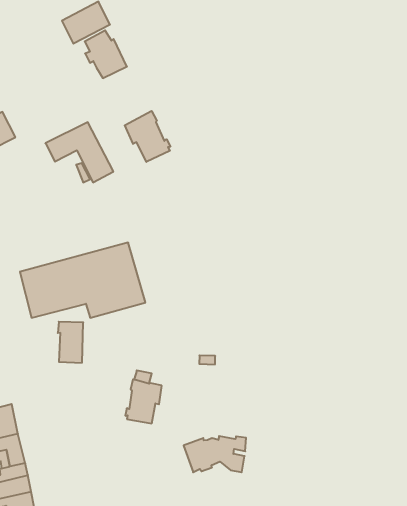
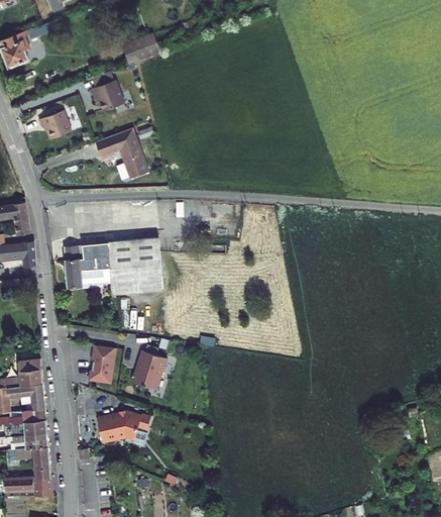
building: [85,30,127,78] -> [91,71,124,110]
building: [125,111,170,162] -> none
building: [58,322,83,363] -> [90,344,114,381]
building: [184,436,246,472] -> [97,413,149,445]

